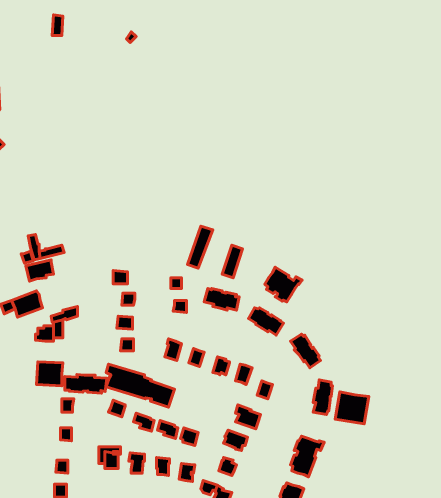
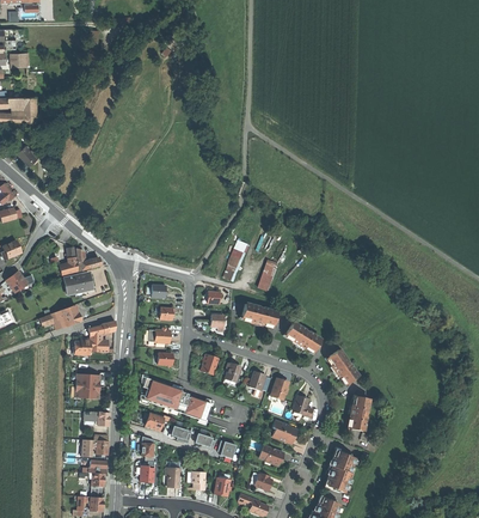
building: [265,267,302,302] -> none
building: [65,374,107,393] -> none
building: [335,392,369,424] -> none

